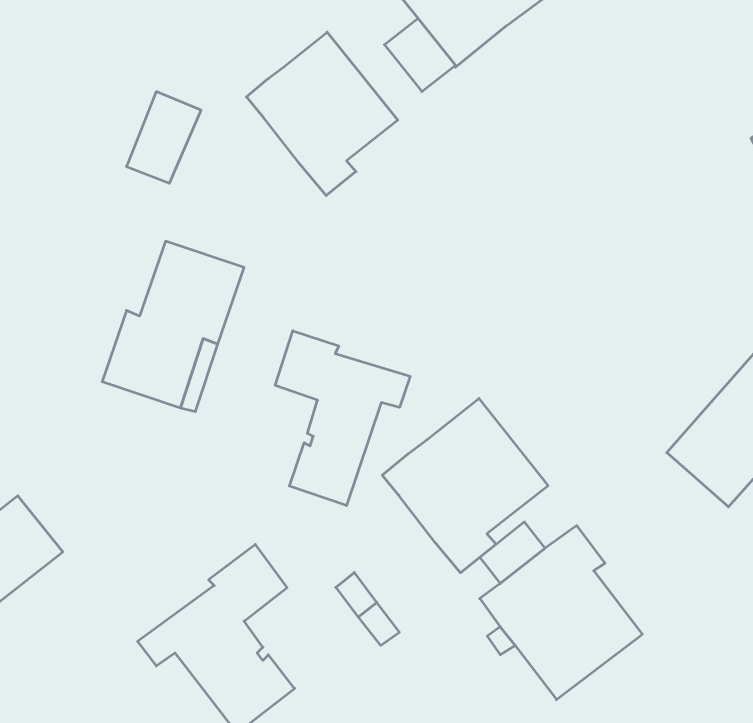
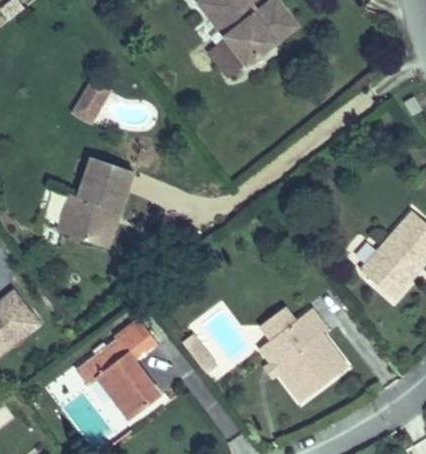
building: [246,32,398,196] -> none
building: [275,331,410,506] -> none
building: [382,398,548,573] -> none

